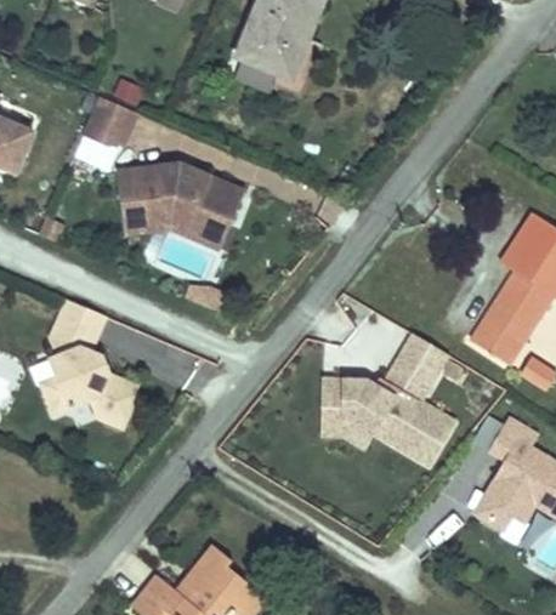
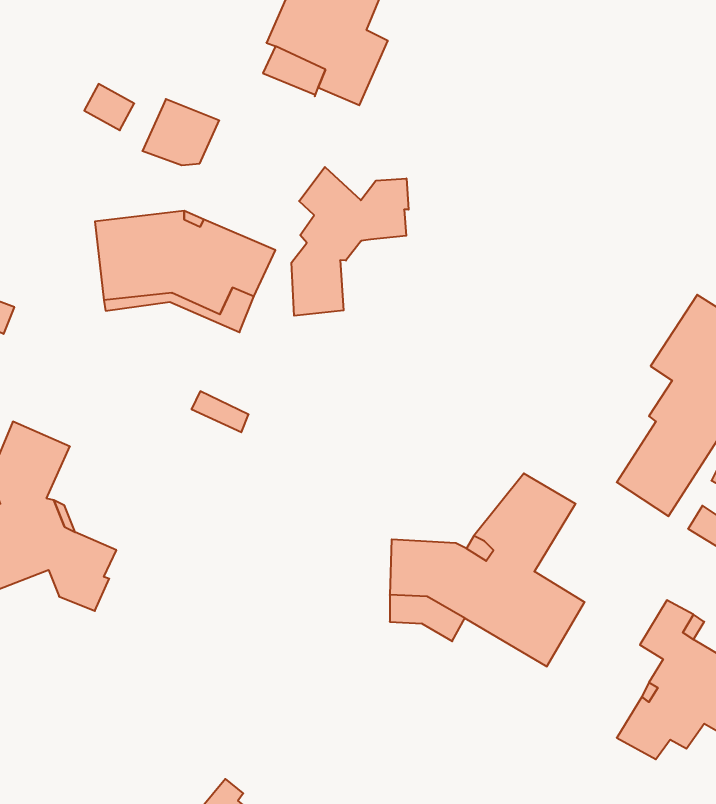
building: [83,98,135,143] -> [142,99,219,165]
building: none -> [292,167,409,316]

